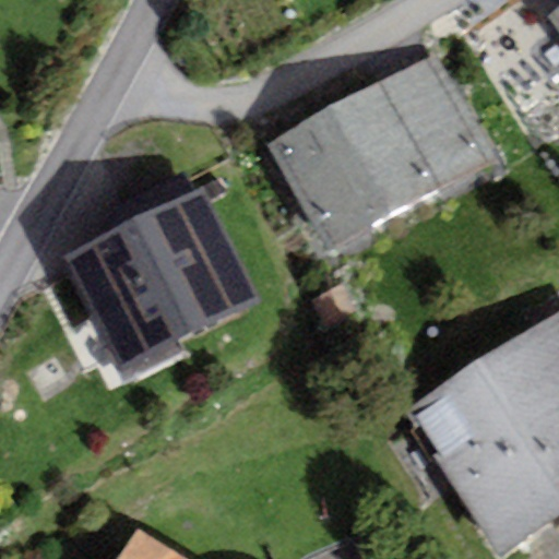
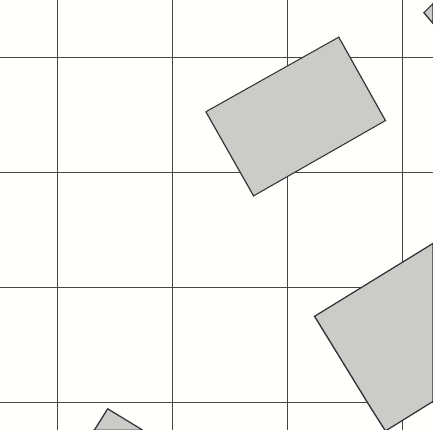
building: [62,187,259,378] -> none

